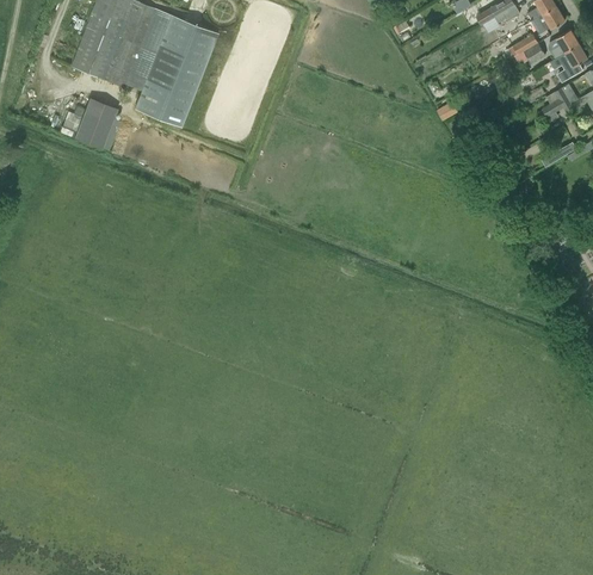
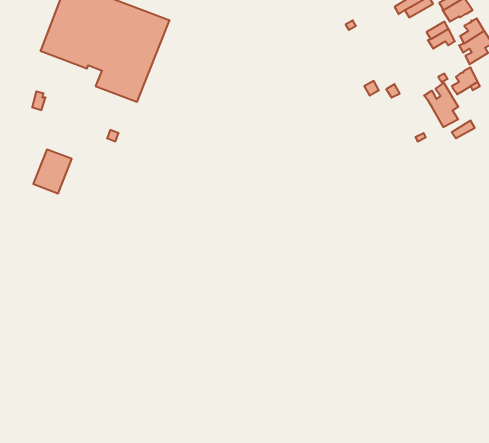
building: [74,98,118,148] -> [33,150,72,193]
building: none -> [424,83,458,127]

